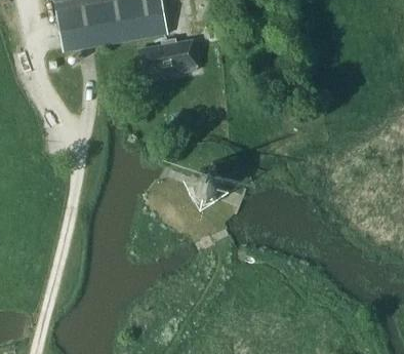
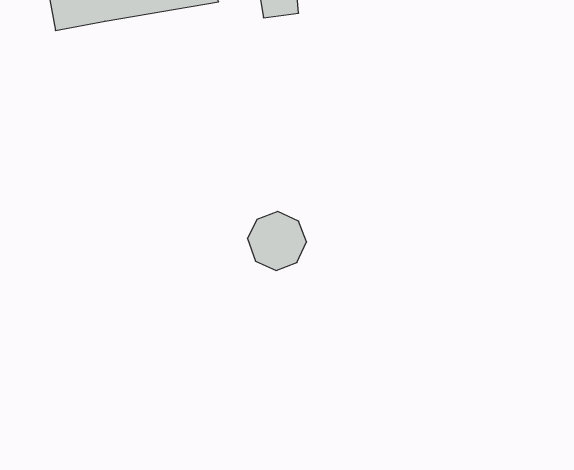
building: [139,38,194,74] -> none

